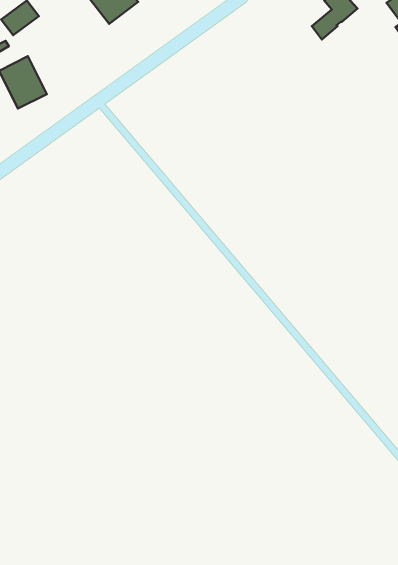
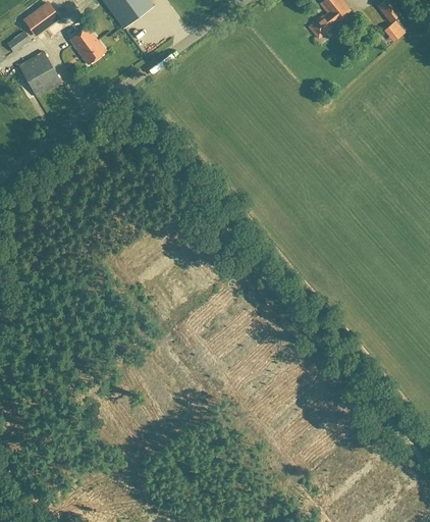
building: none -> [68,24,104,63]

